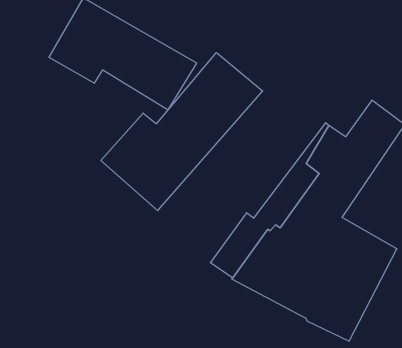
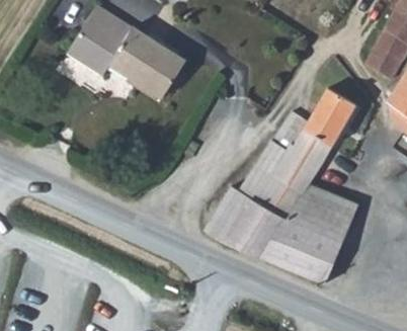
building: [101,53,263,211] -> none

